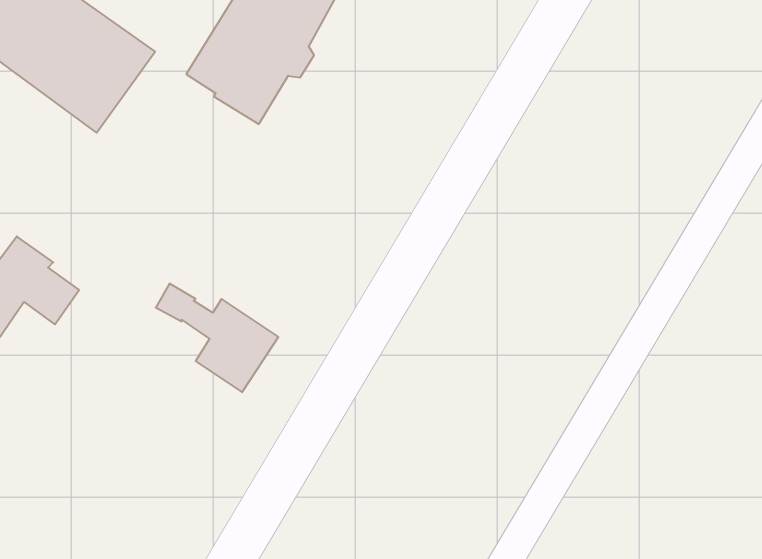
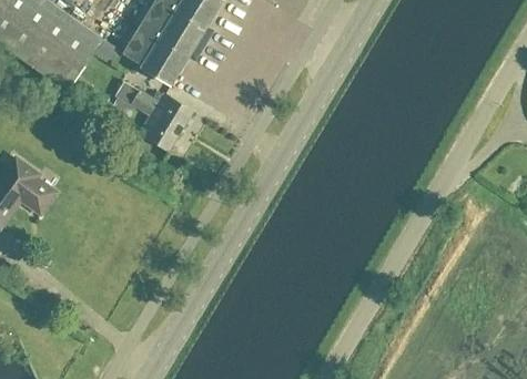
building: [156,283,278,392] -> [114,80,193,150]

